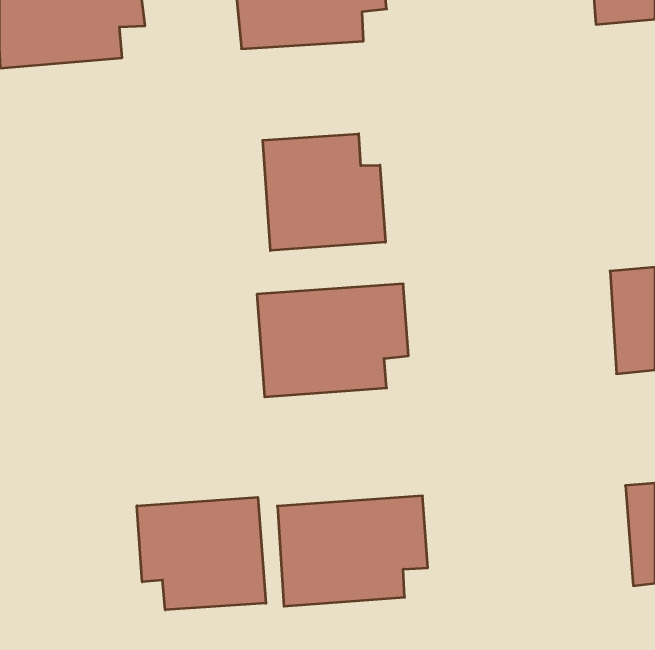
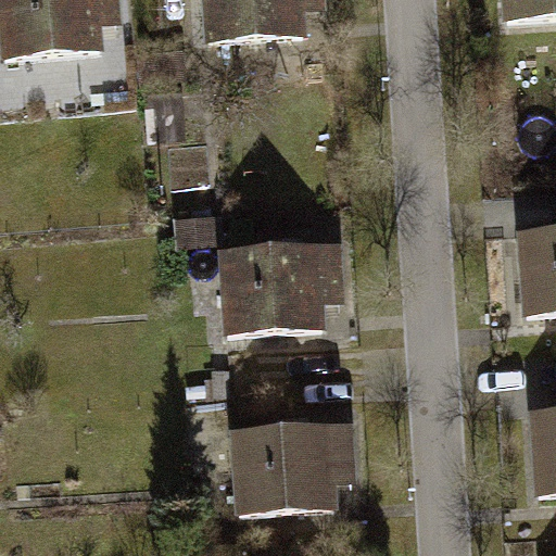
building: [263,134,385,251] -> none
building: [137,497,266,610] -> none

